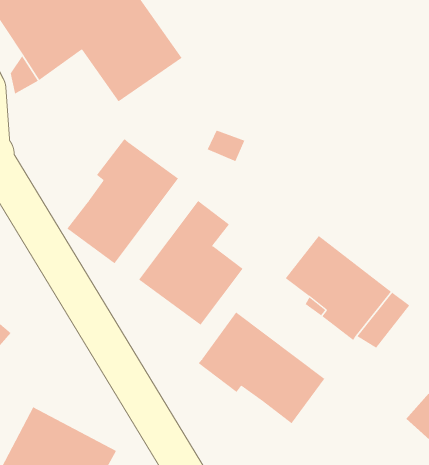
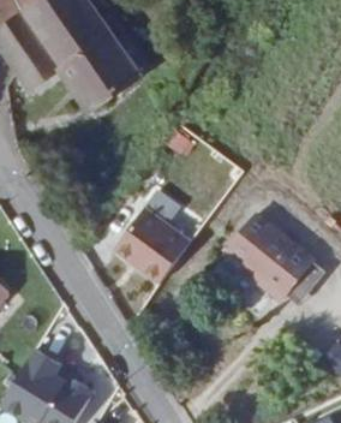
building: [67,138,179,264] -> none
building: [198,312,325,424] -> none

